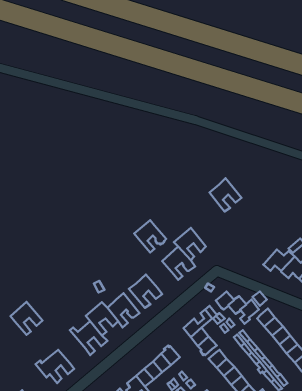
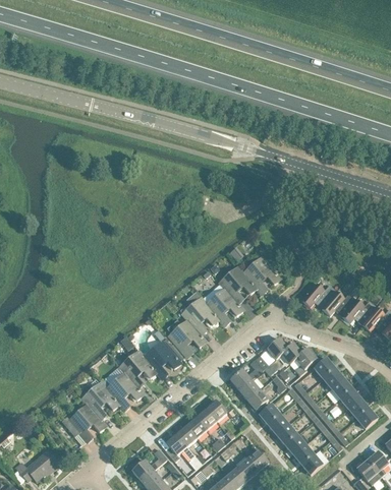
building: [209,178,242,211] -> [243,256,280,294]
building: [134,220,166,252] -> [182,298,219,334]
building: none -> [300,283,336,307]
building: [10,302,43,335] -> [82,382,119,420]

